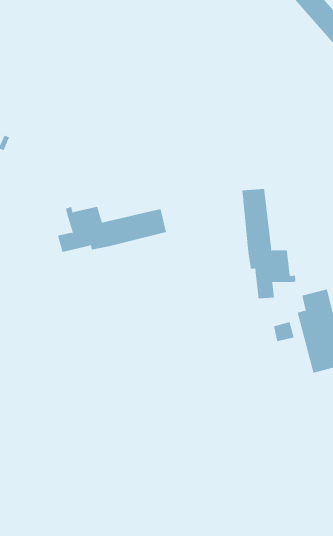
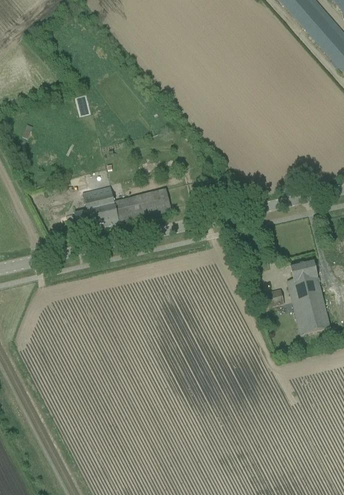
building: [242,188,296,299] -> none

